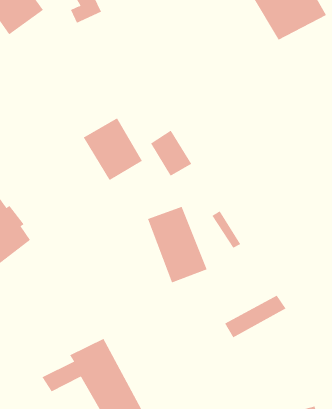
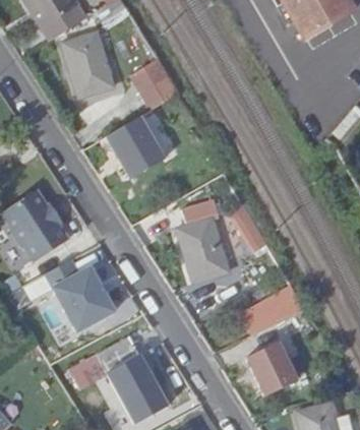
building: none -> [55,37,110,103]
building: [150,130,192,176] -> [134,67,175,112]
building: none -> [44,258,114,329]
building: none -> [249,336,297,388]

